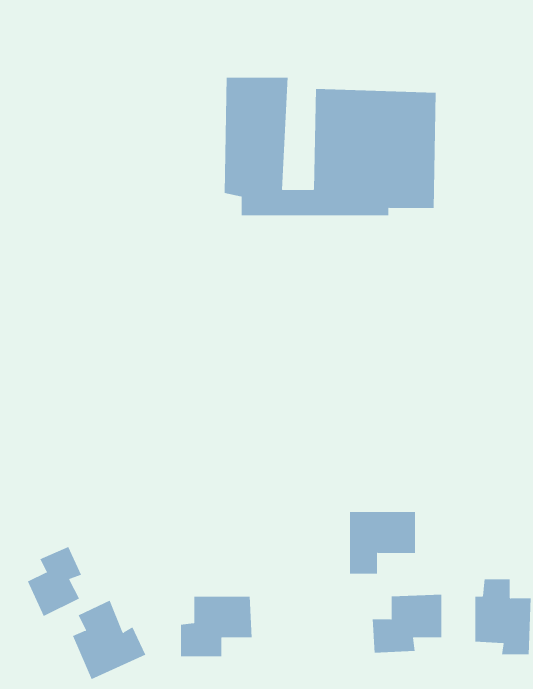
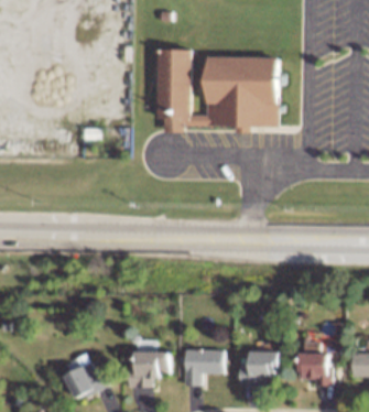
building: [349,512,416,574] -> [185,348,224,384]
building: [27,546,82,617] -> none

